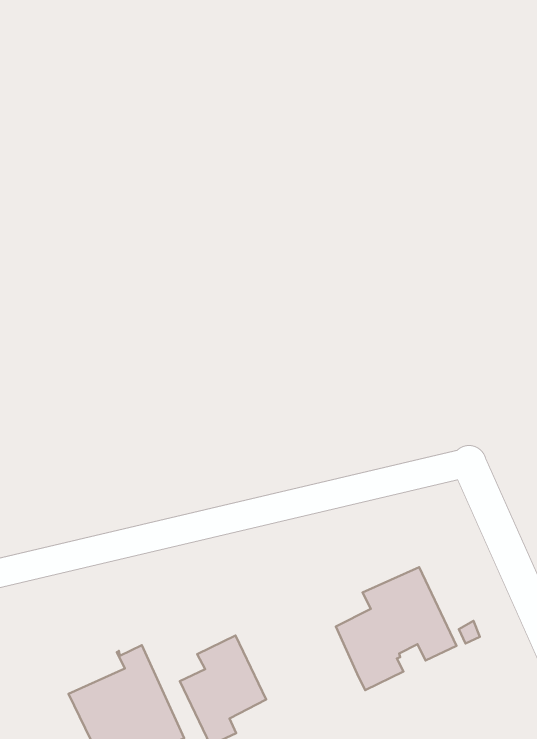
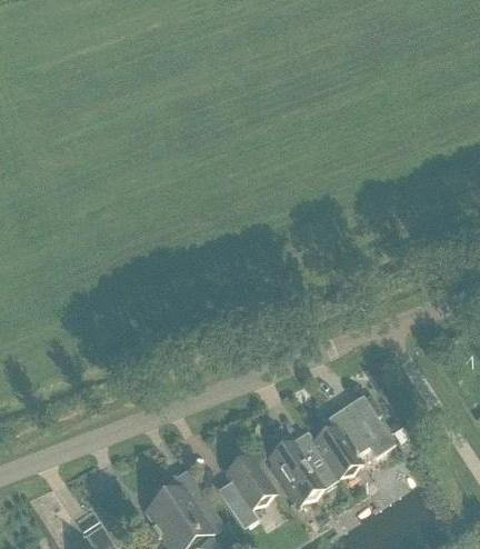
building: none -> [266,429,337,502]

